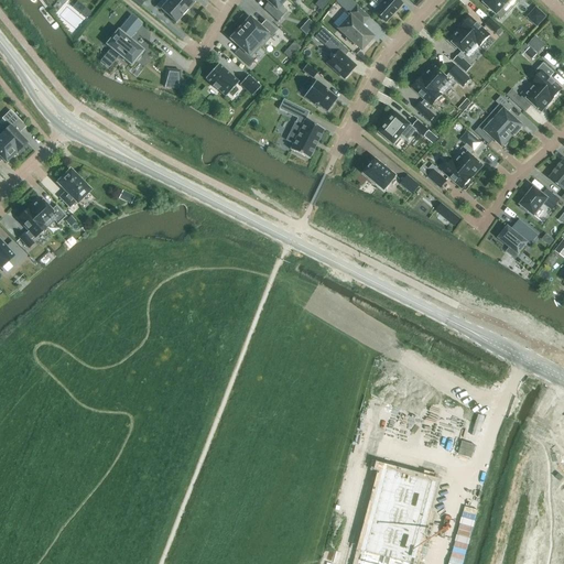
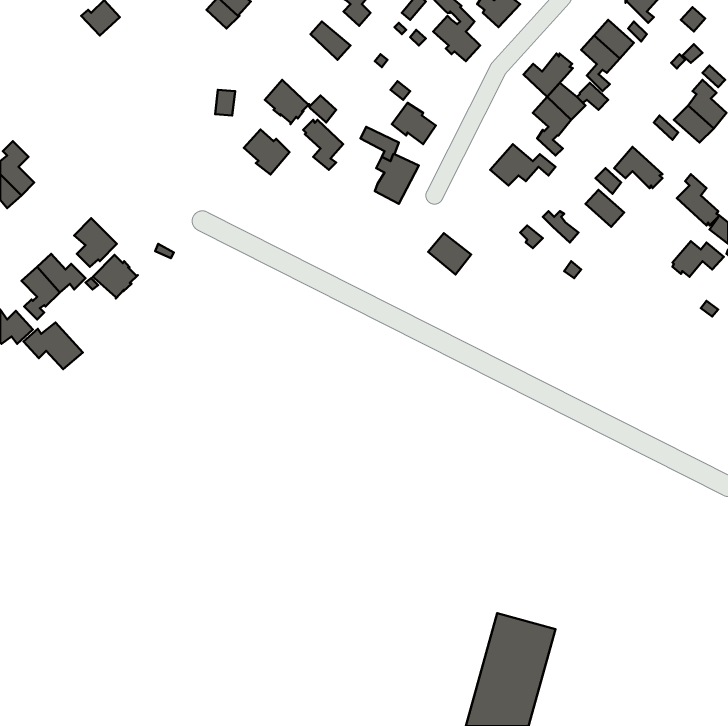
building: [106,13,143,64] -> none
building: [229,26,260,65] -> [303,120,343,170]
building: [323,34,355,77] -> none
building: none -> [523,53,573,97]
building: [489,95,522,134] -> [677,174,719,225]
building: none -> [244,129,290,174]
building: [364,158,397,189] -> [428,233,471,275]
building: [442,158,473,187] -> none
building: none -> [93,255,138,299]
building: [498,218,539,257] -> none
building: none -> [24,323,83,369]

